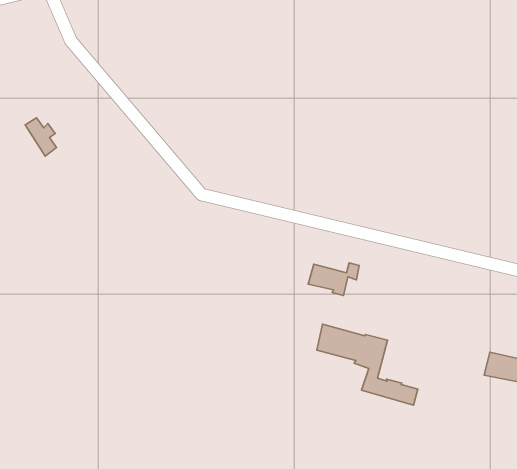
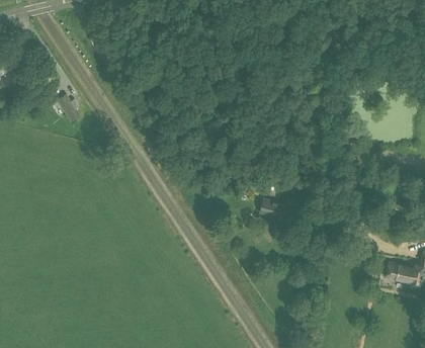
building: [317,324,418,405] -> none

